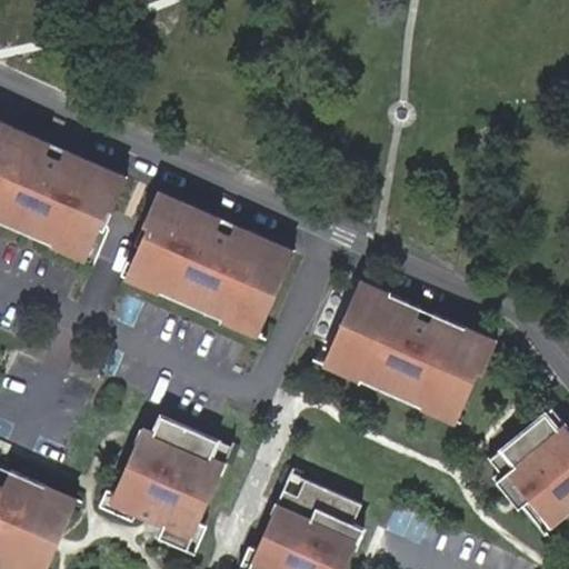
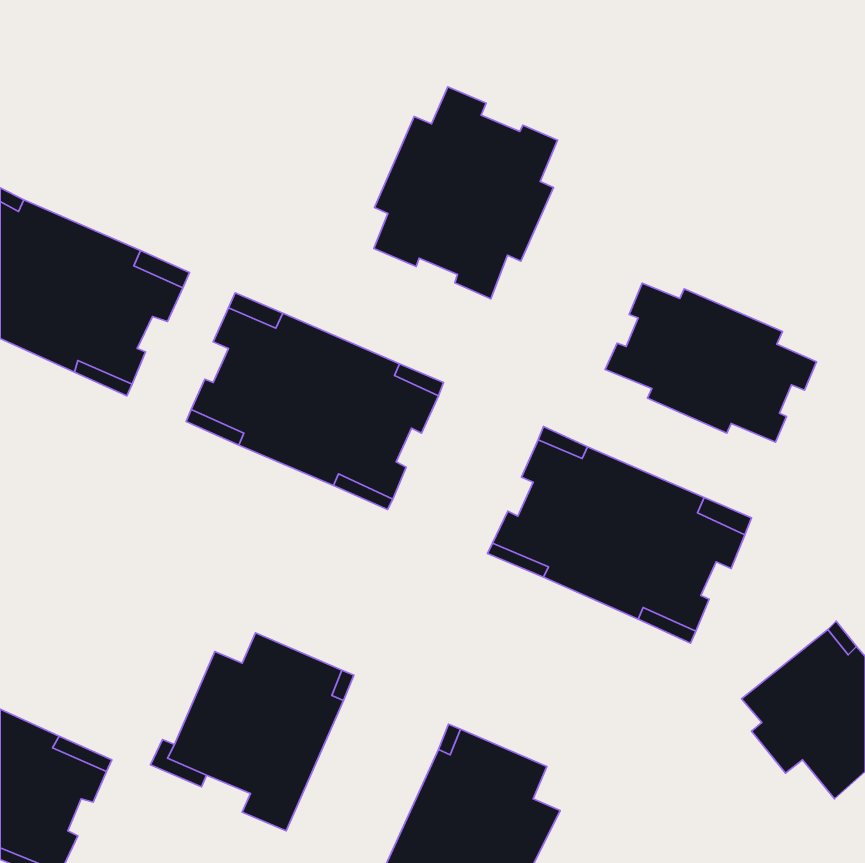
building: none -> [374,87,557,299]
building: none -> [605,283,816,442]

